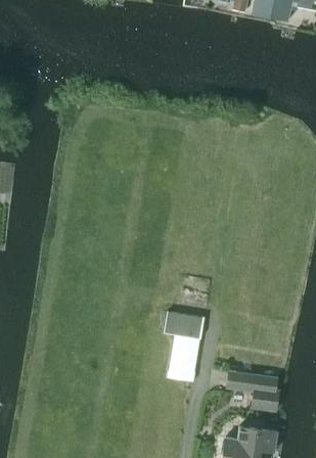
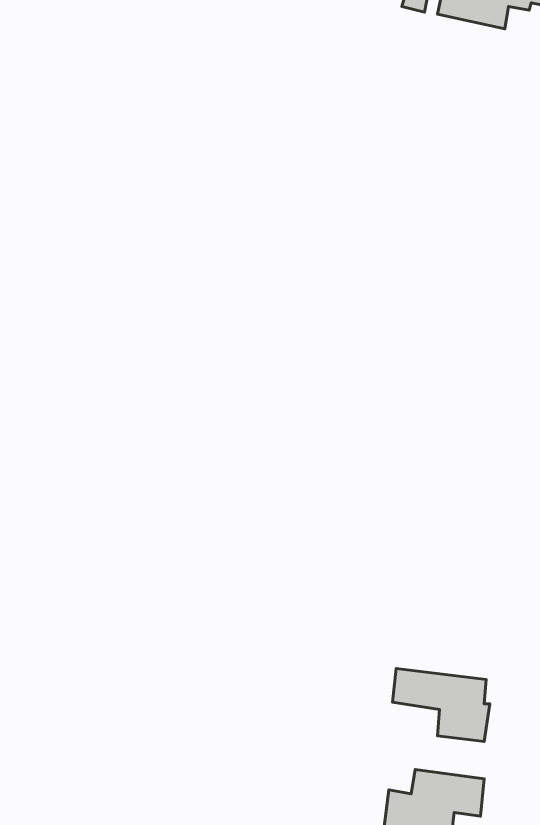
building: [165,311,204,382] -> none

